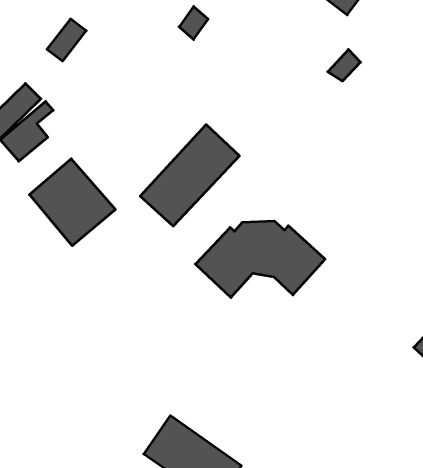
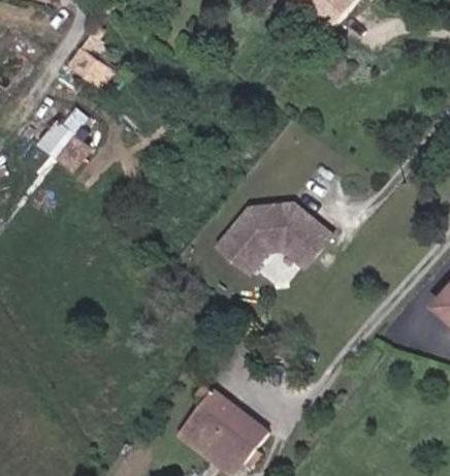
building: [140,125,239,226] -> none
building: [29,159,115,246] -> none

